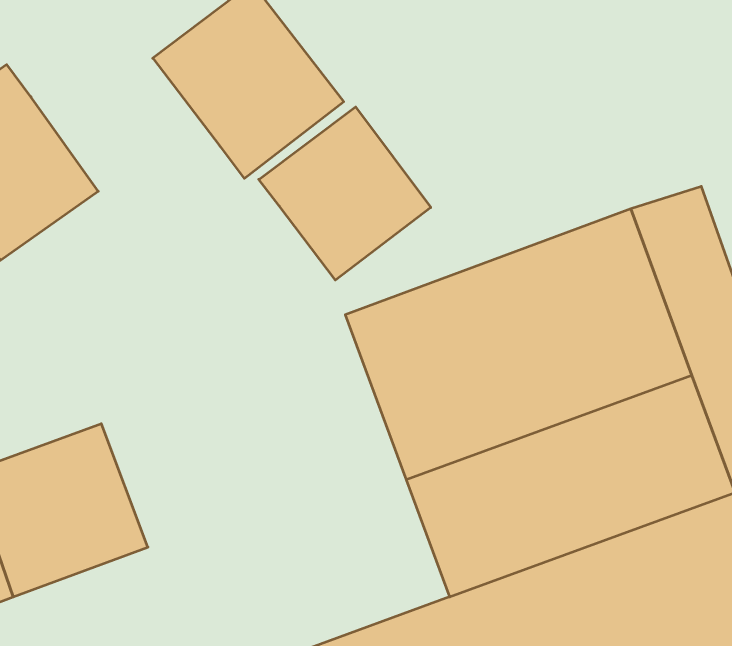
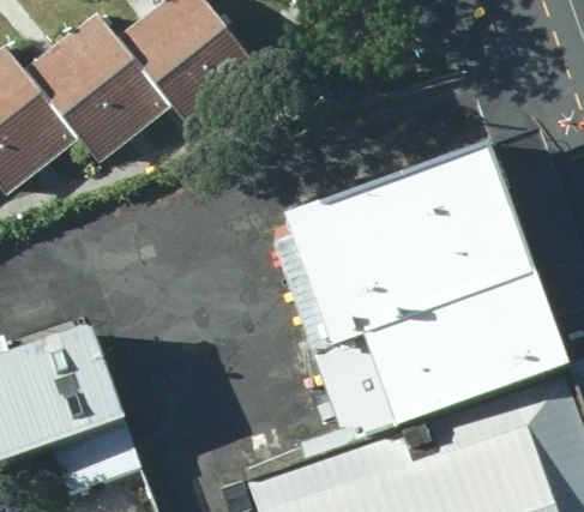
building: none -> [25,20,167,164]
building: [259,107,431,280] -> none

